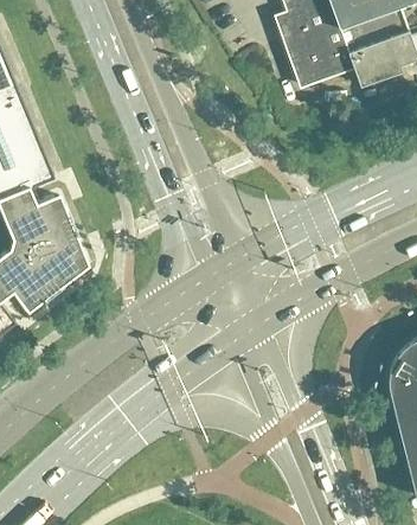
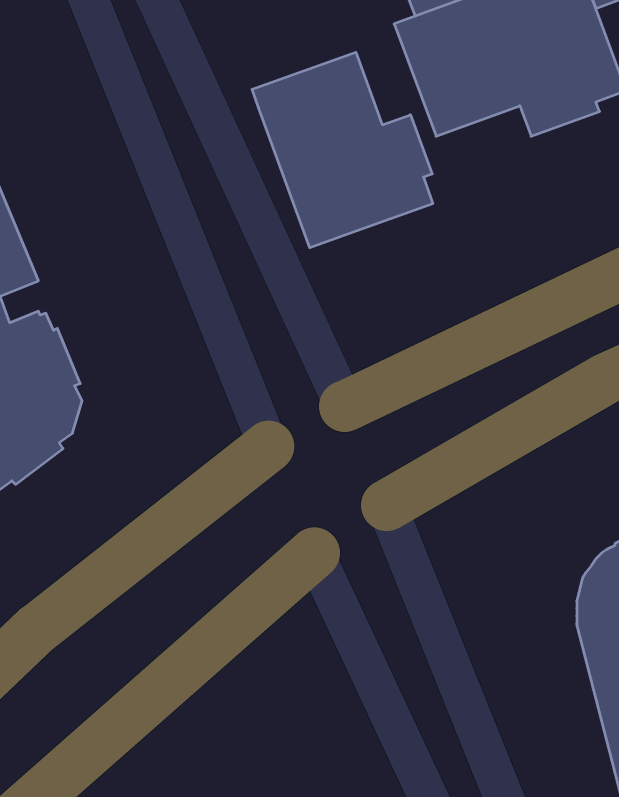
building: none -> [252,52,433,248]

